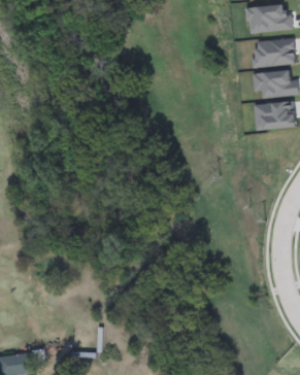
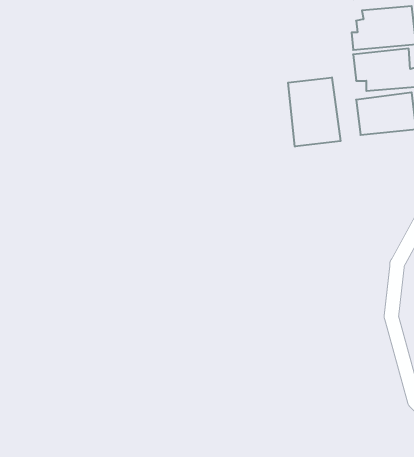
building: none -> [288,77,341,147]

